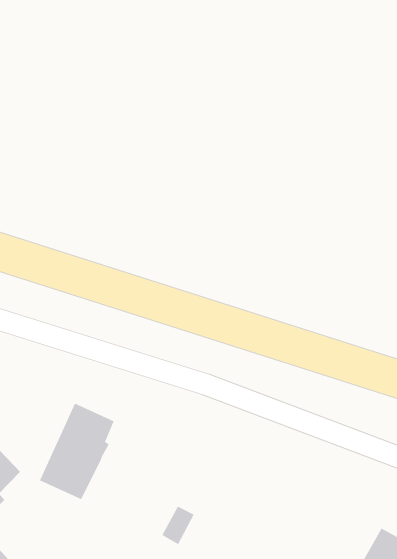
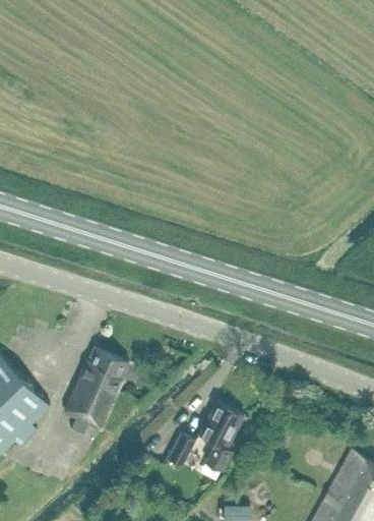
building: none -> [198,403,242,472]

